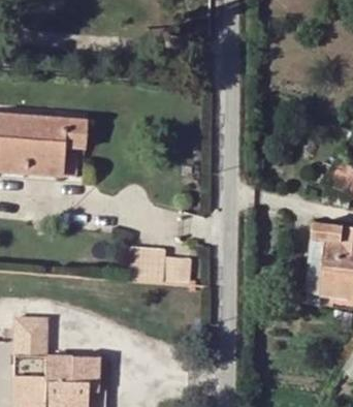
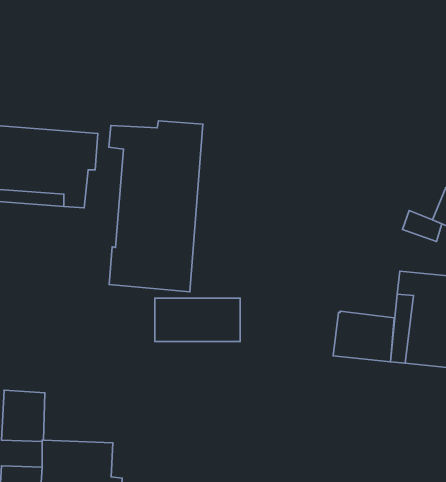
building: none -> [109,121,203,292]
building: none -> [333,311,394,362]

